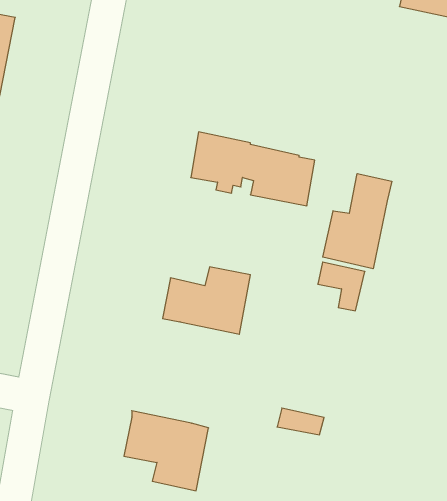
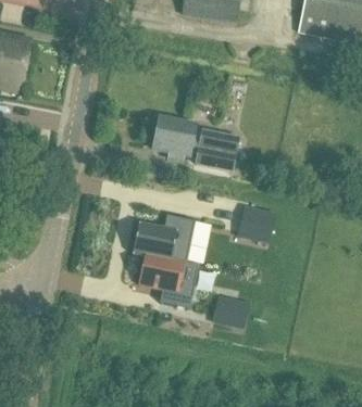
building: [323,174,392,269] -> none
building: [124,411,209,491] -> [140,249,199,304]

